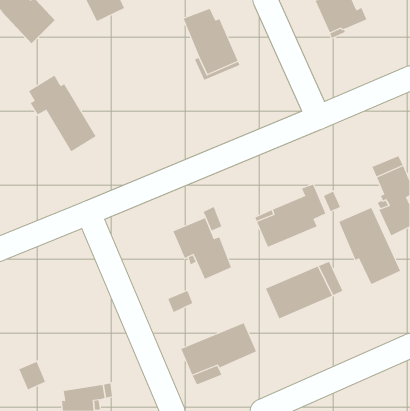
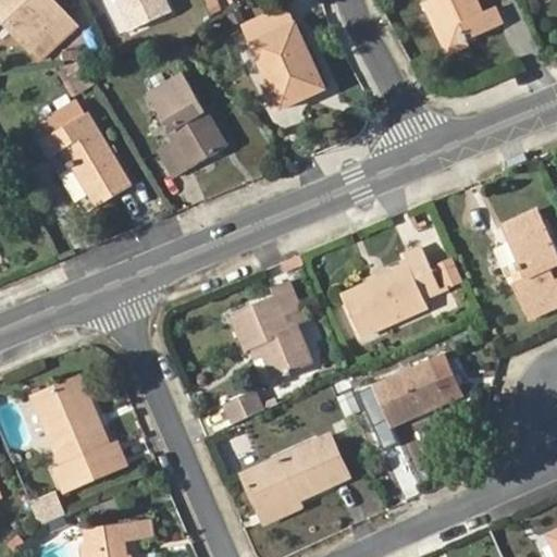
building: none -> [147,74,225,176]
building: [338,207,401,285] -> none
building: none -> [34,376,124,486]

